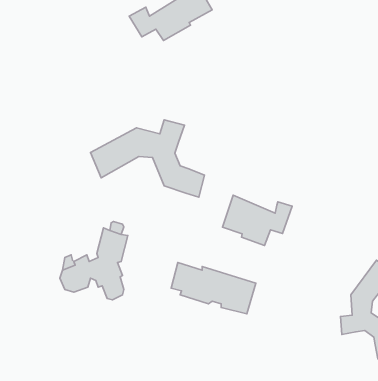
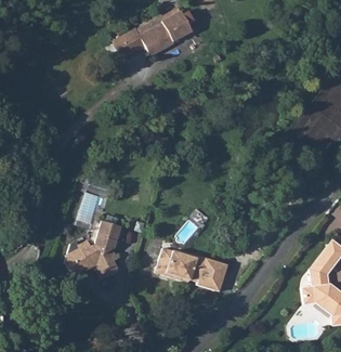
building: [91,120,205,197] -> none
building: [223,195,292,245] -> none

